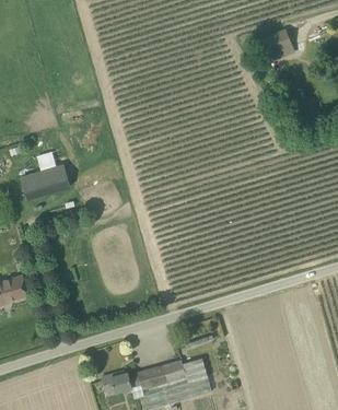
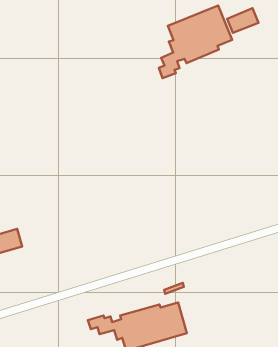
building: none -> [159,6,232,78]
building: [20,163,71,200] -> none

